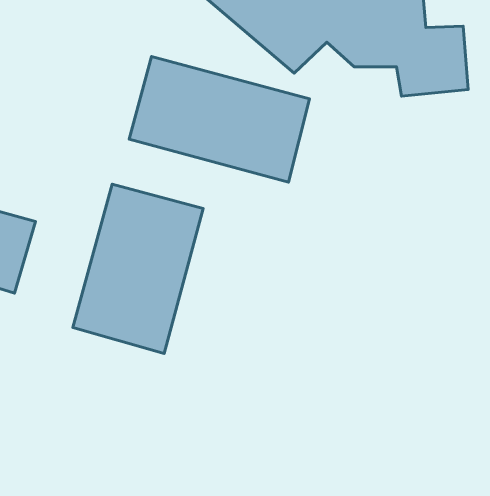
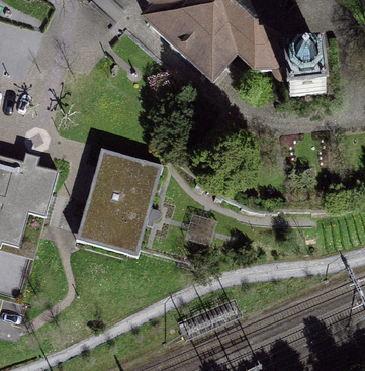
building: [129,56,309,182] -> none

